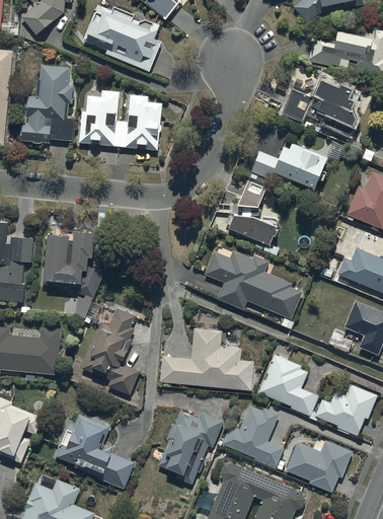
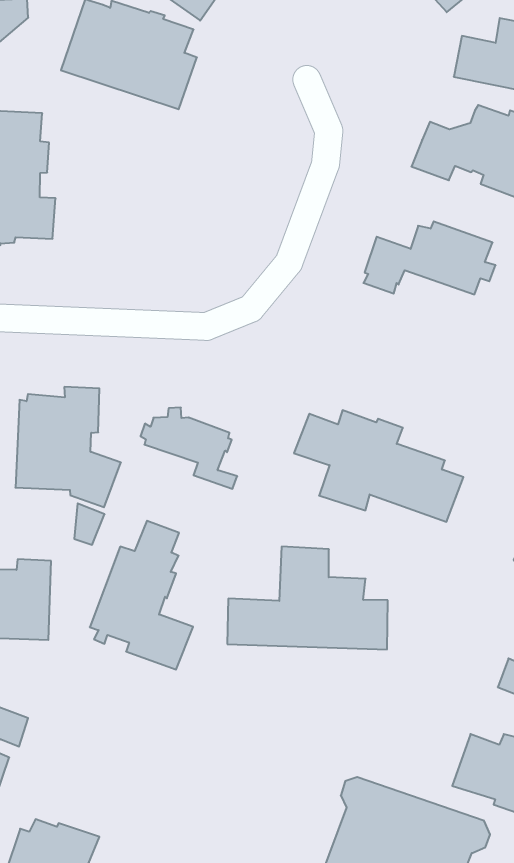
building: [79,91,163,150] -> none
building: [238,179,265,203] -> none
building: [226,208,281,256] -> [140,408,237,489]
building: [258,346,319,417] -> none
building: [223,405,284,469] -> none
building: [159,411,223,484] -> none
building: [55,414,135,489] -> none

